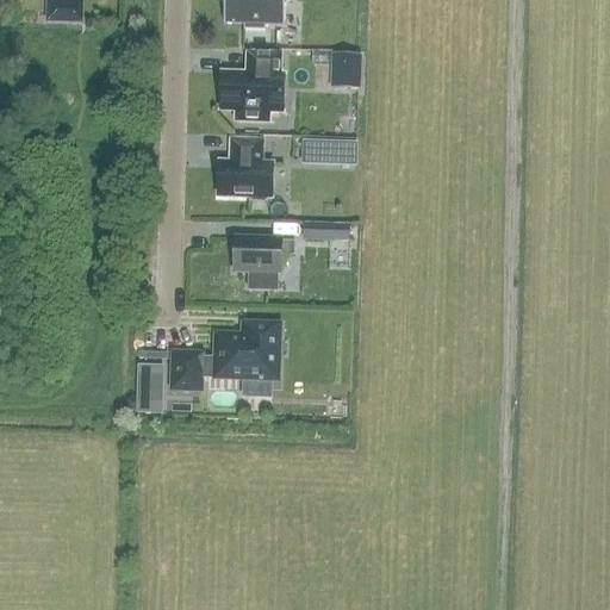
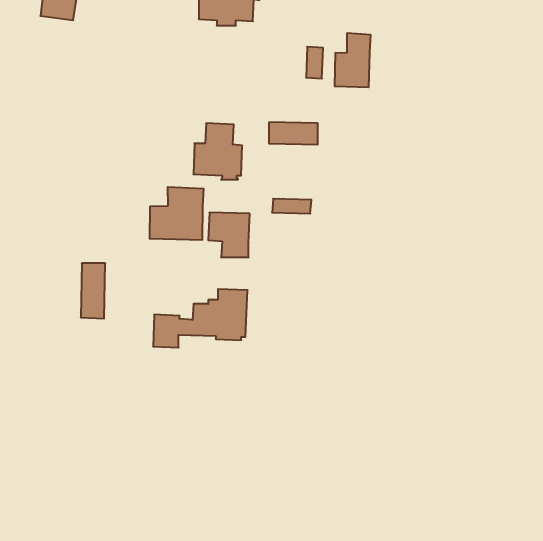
building: none -> [335,33,370,87]
building: [220,52,284,119] -> none
building: none -> [150,187,203,240]
building: [136,349,163,411] -> [81,263,105,319]

